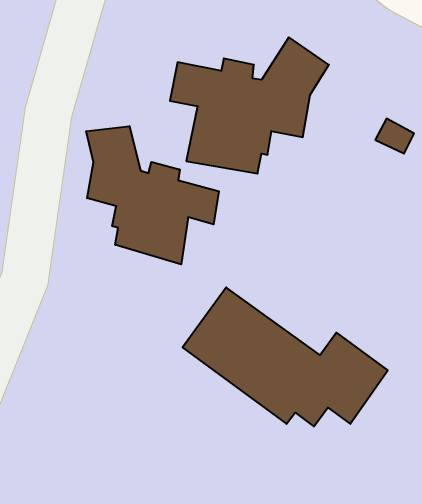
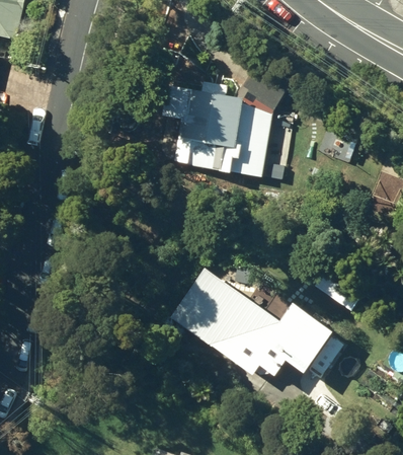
building: [86,126,219,264] -> none

